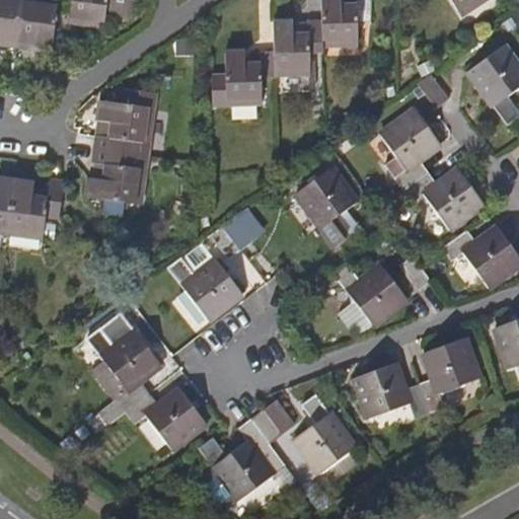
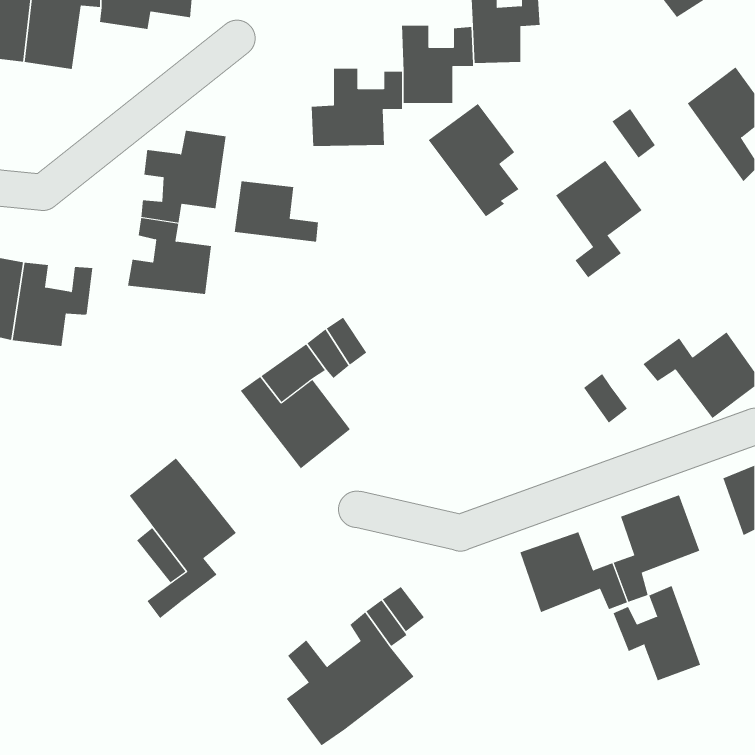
building: none -> [234,180,318,243]
building: [292,168,355,246] -> [428,103,519,217]
building: [402,168,484,228] -> none
building: [331,263,405,324] -> none
building: [125,388,205,448] -> none
building: [293,396,353,474] -> none
building: none -> [613,585,701,681]

